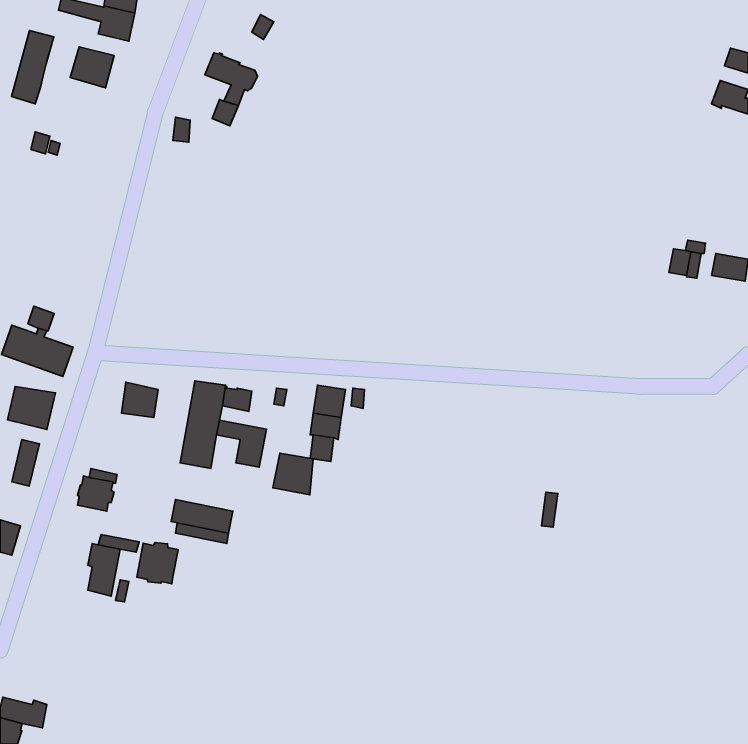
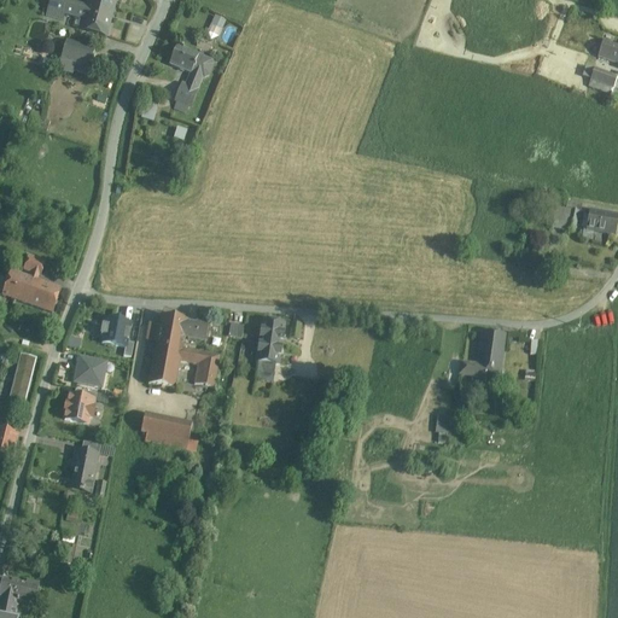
building: [12,31,54,104] -> none
building: [8,386,56,430] -> none
building: none -> [460,328,505,377]
building: none -> [75,355,105,384]
building: [273,453,313,495] -> none
building: [137,542,178,584] -> none

